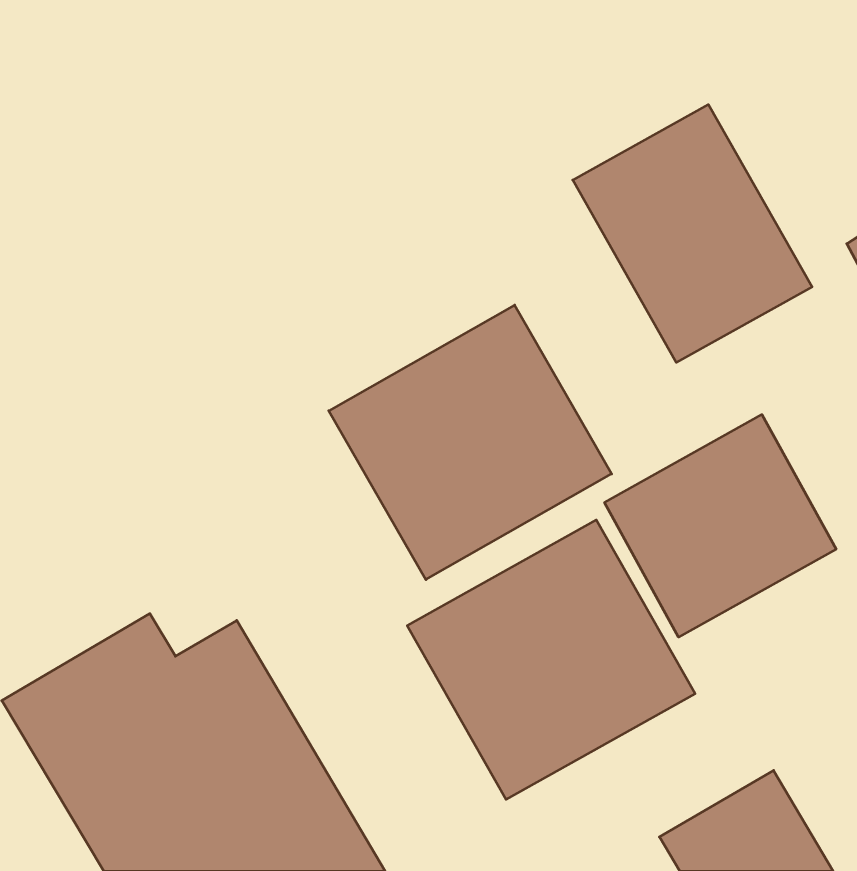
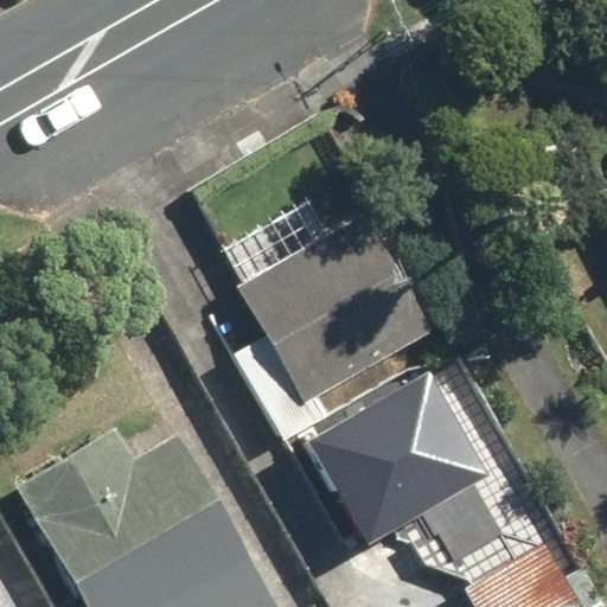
building: [573,105,812,362] -> none
building: [605,415,836,637] -> none

